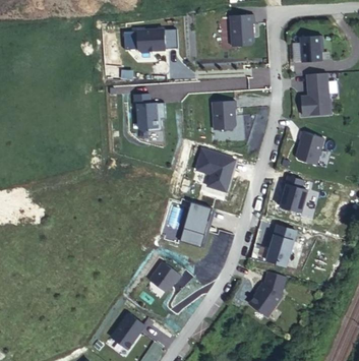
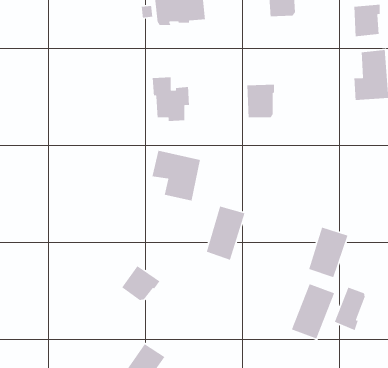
building: [297,131,324,165] -> none
building: [194,147,235,190] -> [152,150,201,201]
building: [282,176,308,213] -> none
building: [148,263,181,293] -> [121,265,160,301]
building: none -> [334,287,366,331]

